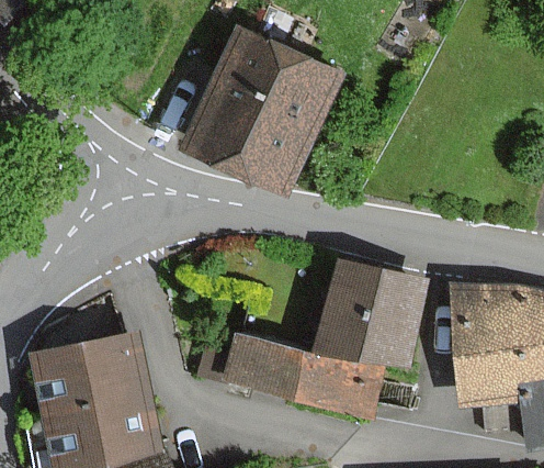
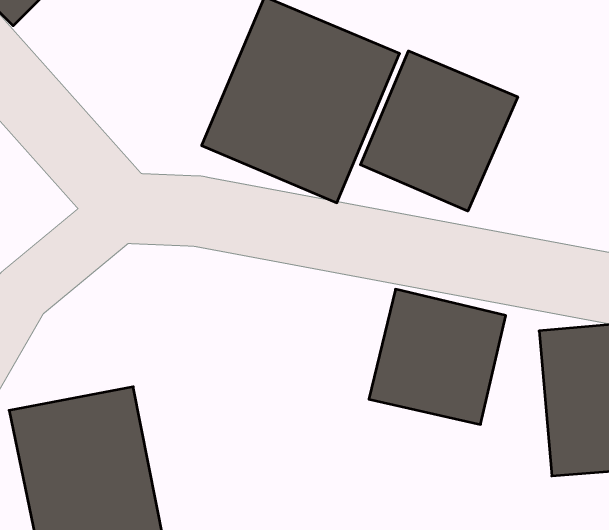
building: none -> [360,51,518,211]
building: [225,333,379,411] -> none

